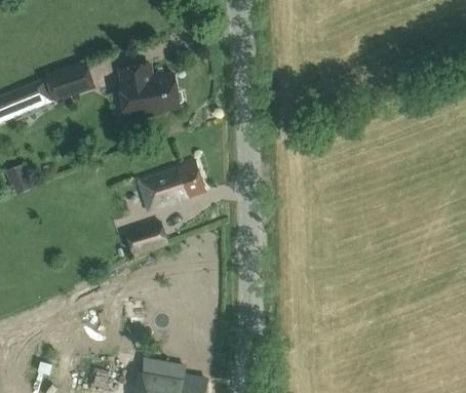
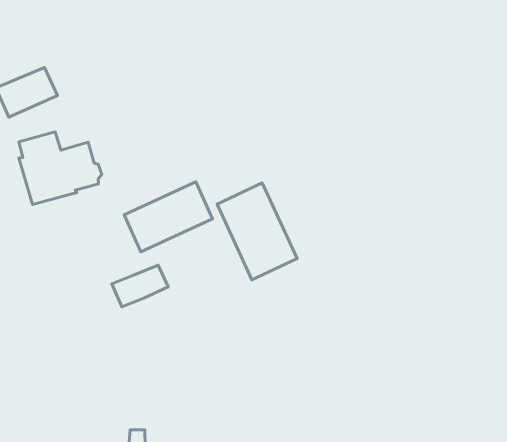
building: [120,64,183,118] -> [19,132,102,205]
building: none -> [217,183,297,280]

